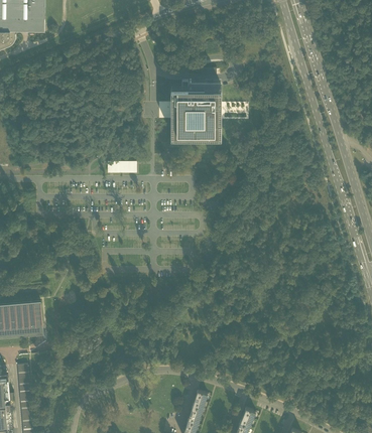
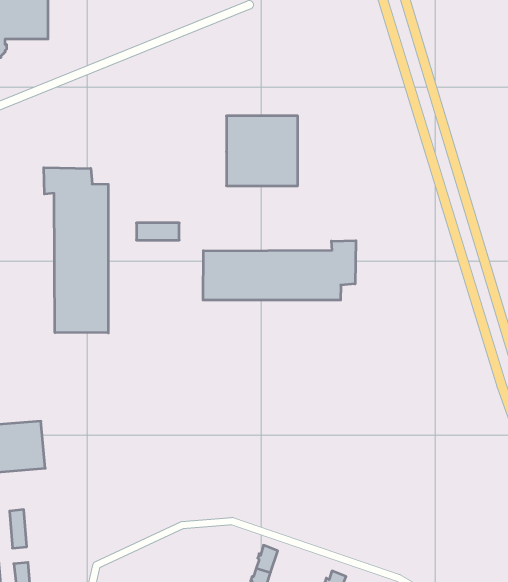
building: none -> [44,168,108,333]
building: none -> [203,241,356,300]

